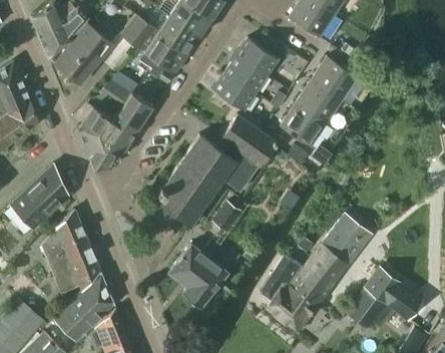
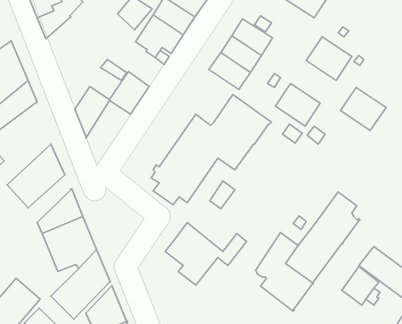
building: [56,24,112,83] -> none
building: [296,80,342,123] -> [340,88,386,130]
building: [89,120,134,166] -> none

